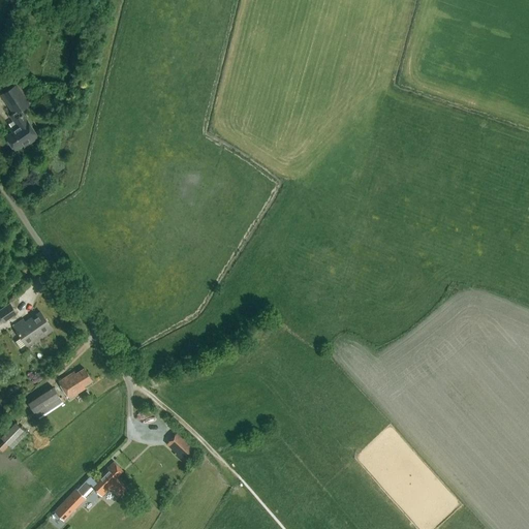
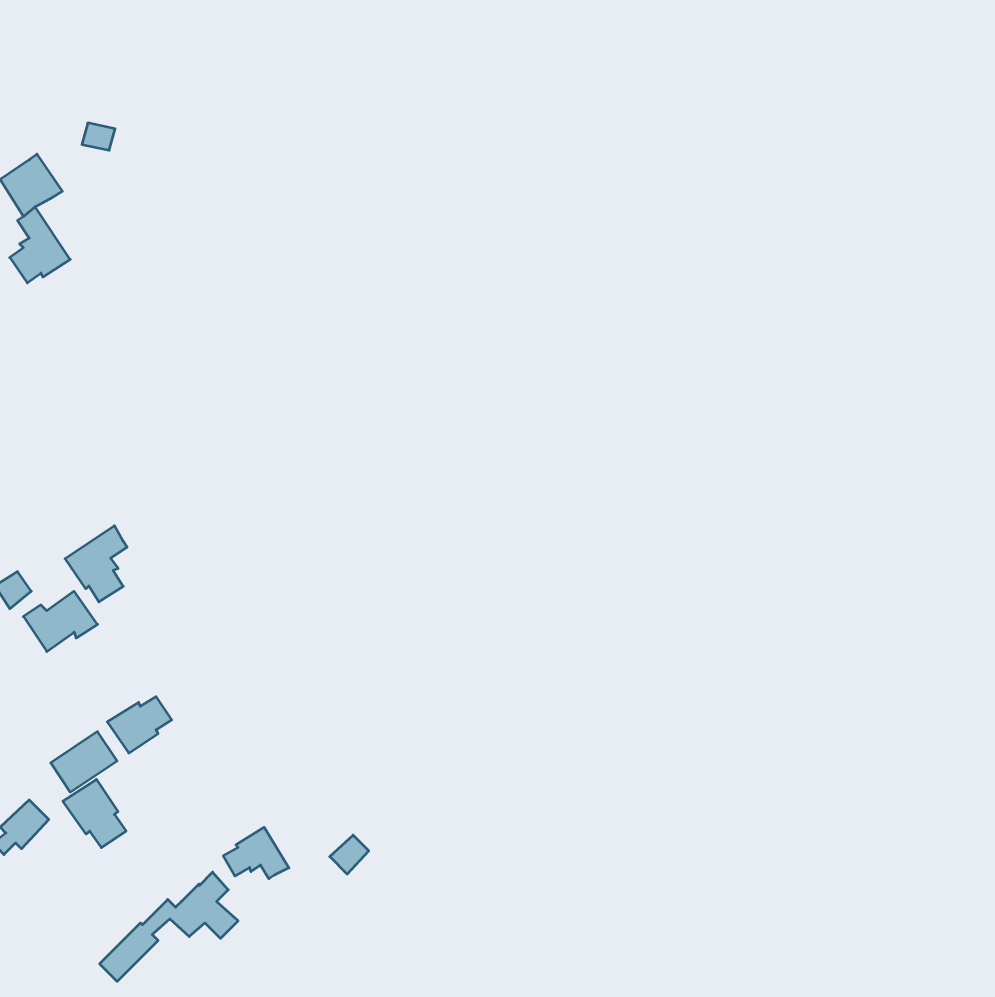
building: none -> [65,526,127,602]
building: none -> [63,779,126,848]
building: none -> [223,827,289,879]

